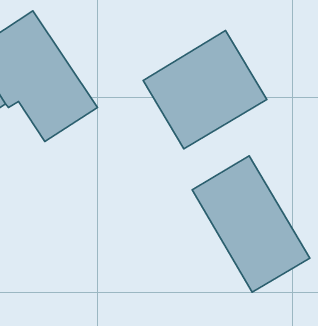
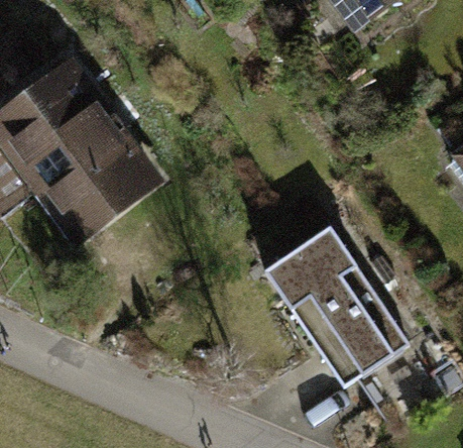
building: [143,31,267,149] -> none

